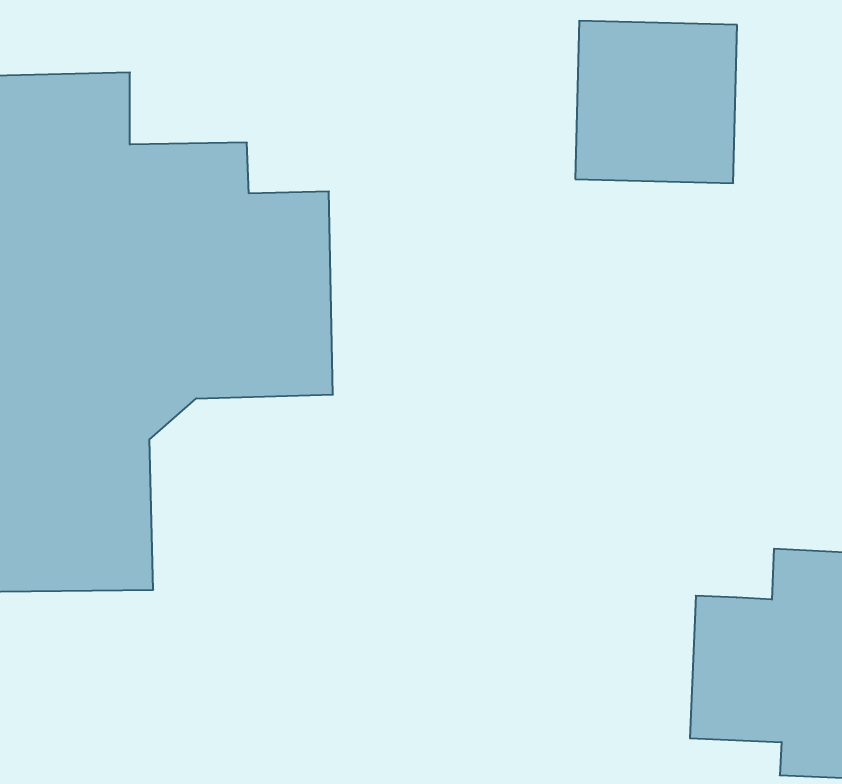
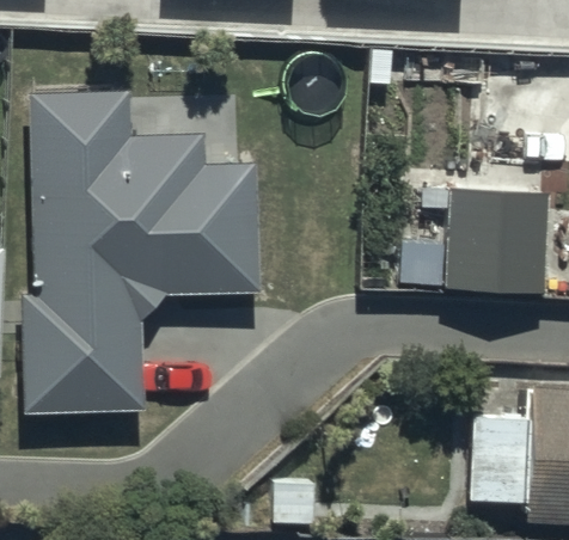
building: [575,21,737,183] -> [445,188,544,287]

